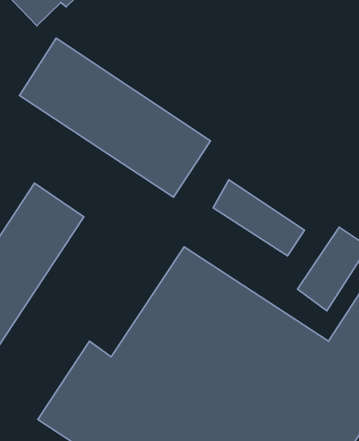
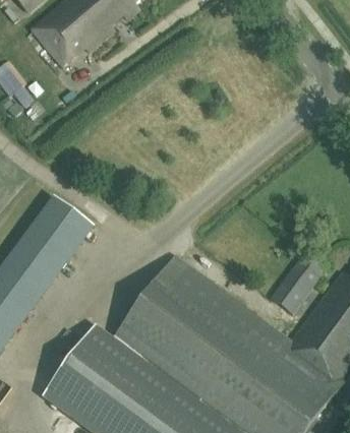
building: [19,38,210,197] -> none
building: [213,180,304,256] -> none

